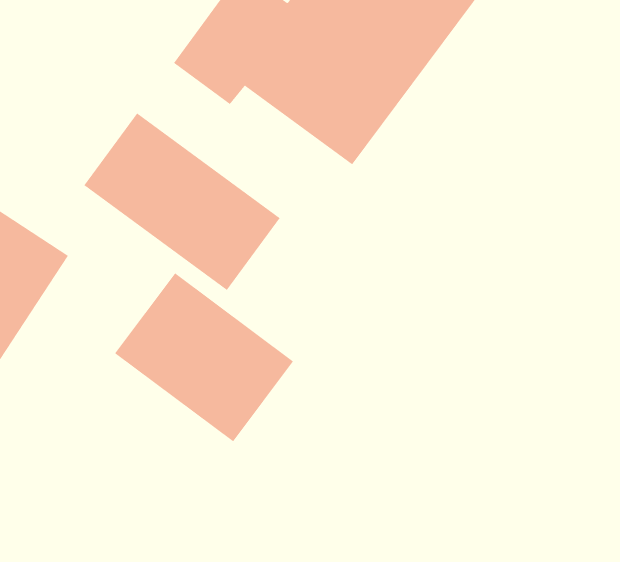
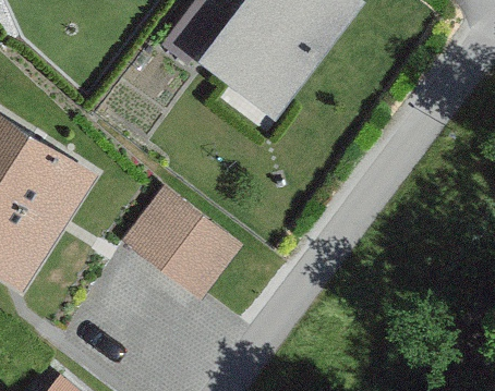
building: [84,112,280,291] -> none

